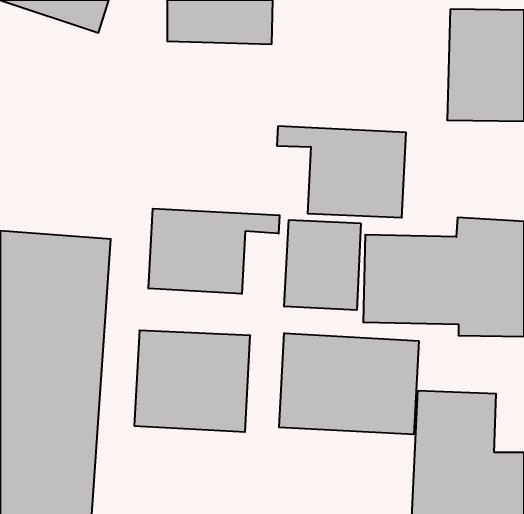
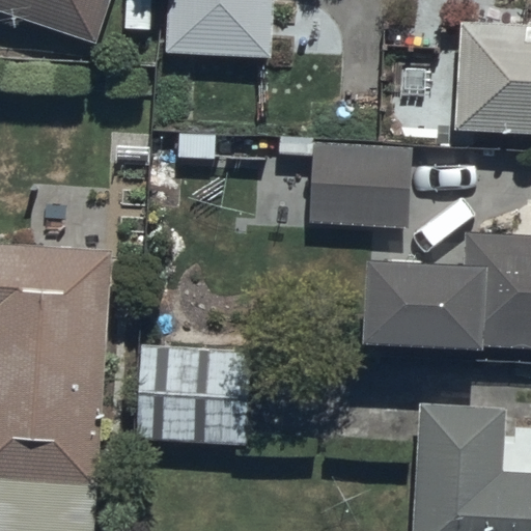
building: [149,209,280,294] -> none
building: [284,220,361,310] -> none
building: [279,333,419,434] -> none

